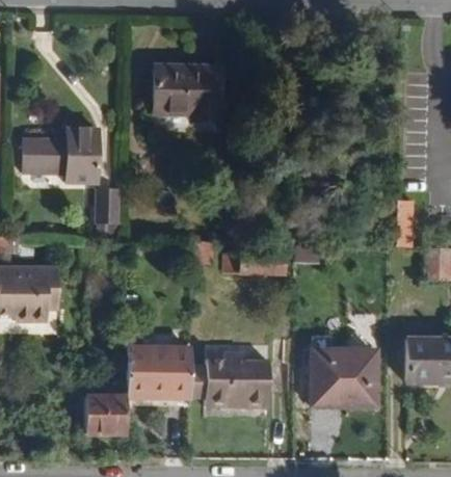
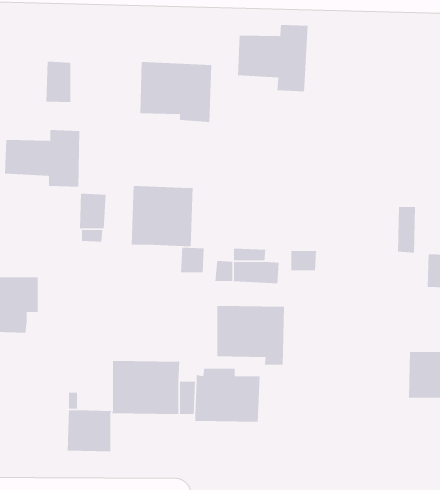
building: none -> [237,24,309,92]
building: none -> [45,61,71,103]
building: none -> [131,185,193,247]
building: [312,349,376,406] -> [216,305,285,366]

